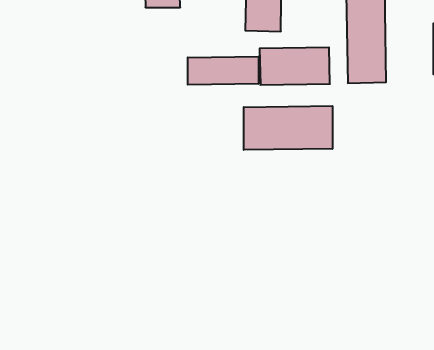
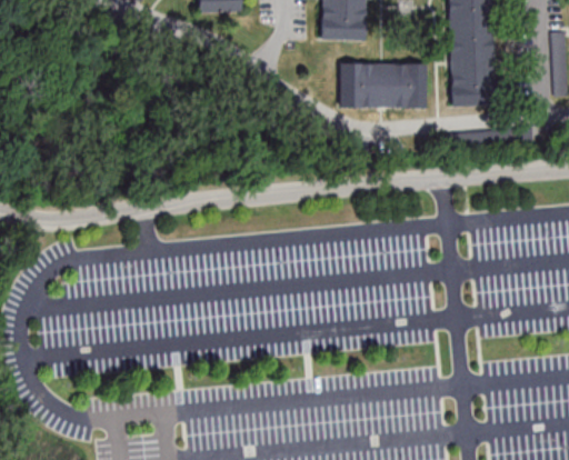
building: [188,56,259,85] -> none
building: [244,106,332,150] -> none

